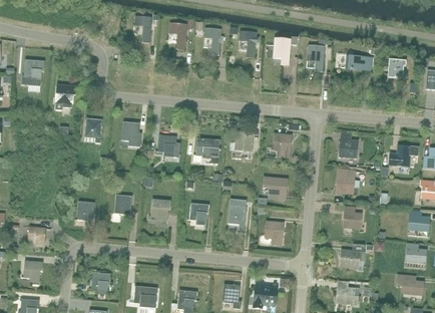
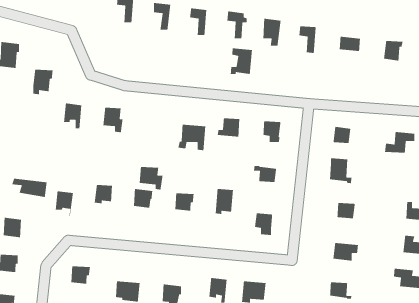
building: none -> [230,47,253,75]
building: [155,134,180,158] -> [137,166,163,191]
building: none -> [11,178,48,198]

